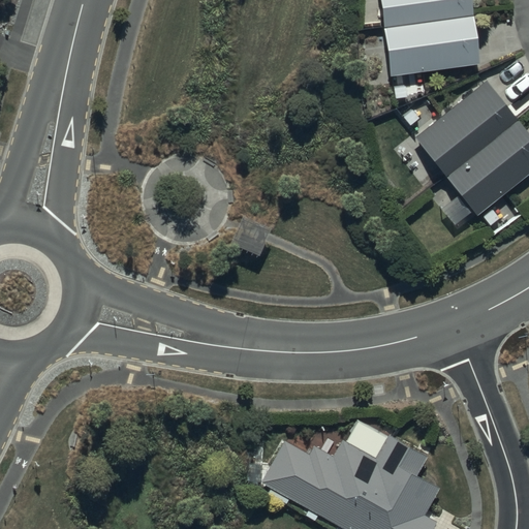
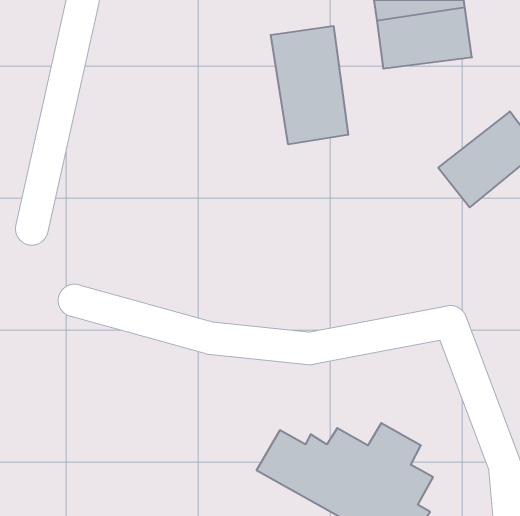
building: none -> [271,26,348,144]
building: [415,81,518,176] -> none

